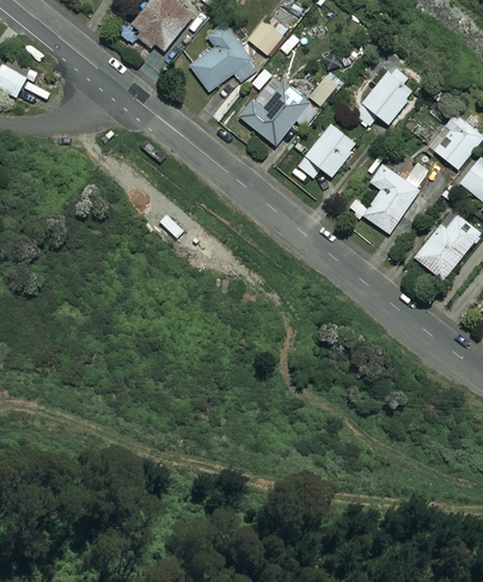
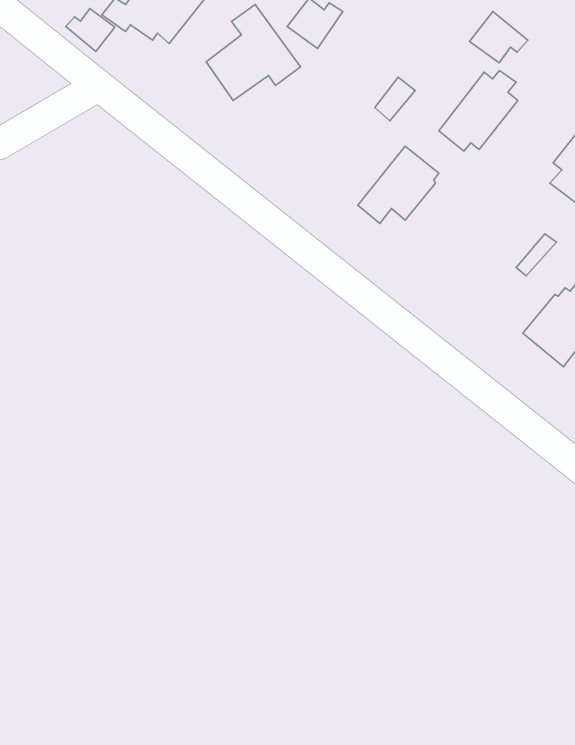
building: none -> [66,8,115,51]
building: none -> [470,11,528,63]
building: [240,74,317,148] -> none
building: [349,161,429,234] -> none

